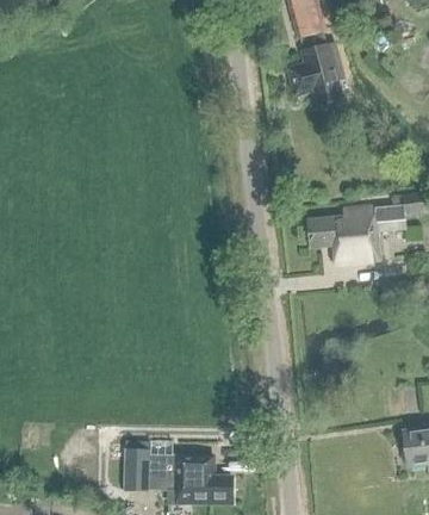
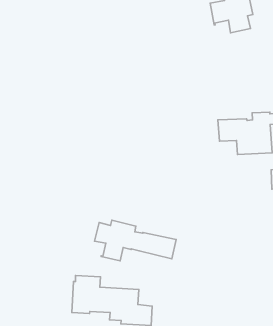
building: none -> [95,220,176,261]

